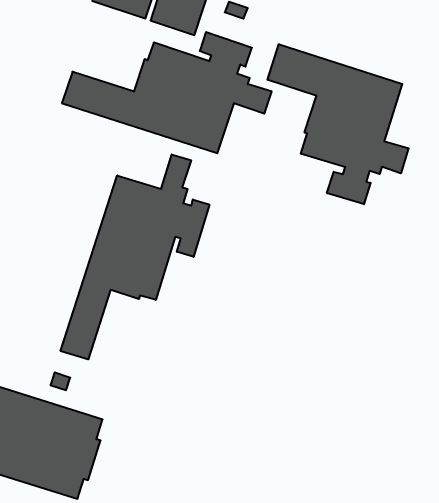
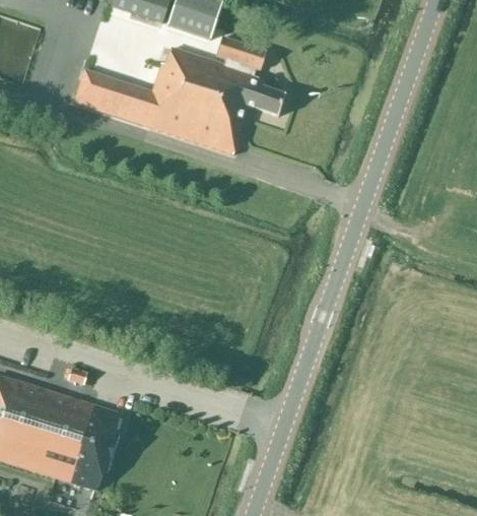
building: [268,44,409,204] -> none
building: [61,154,209,359] -> none

